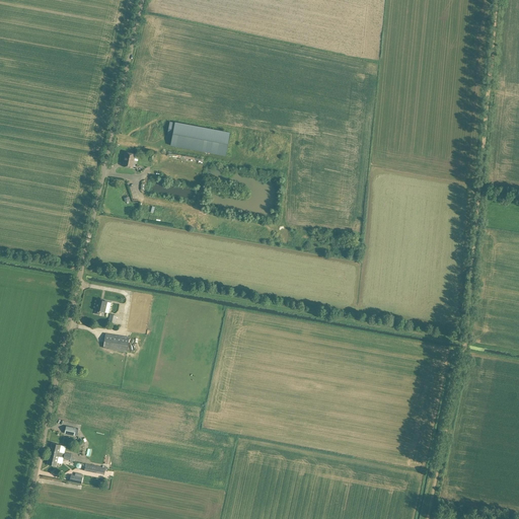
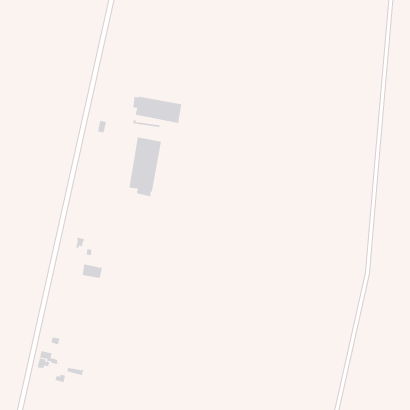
building: none -> [129,137,161,197]

